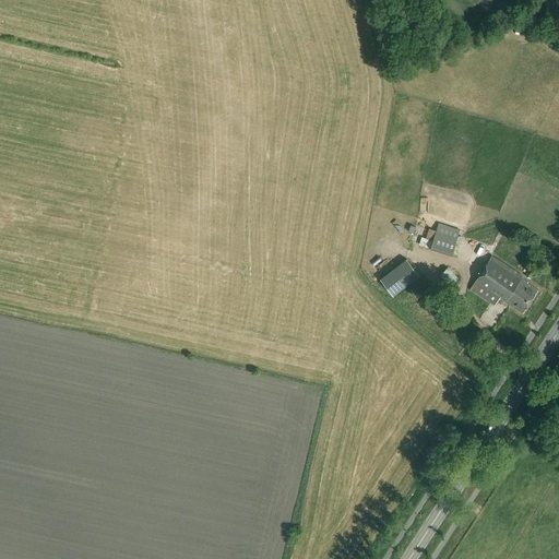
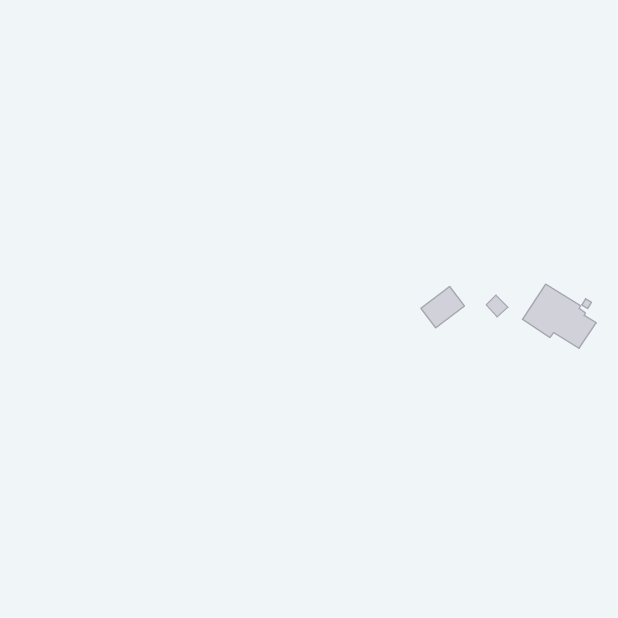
building: [424,223,460,255] -> none

